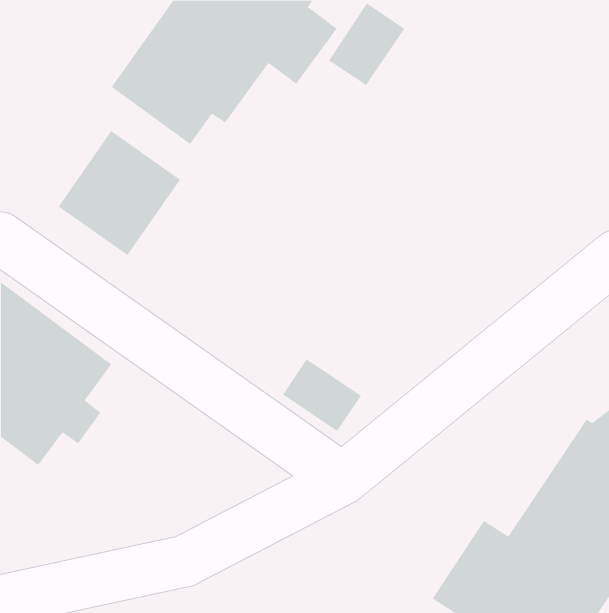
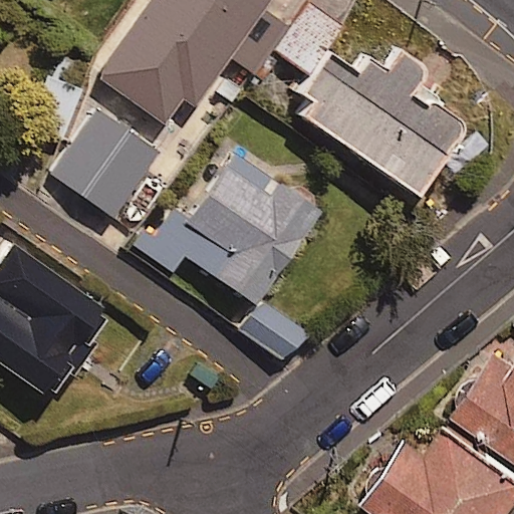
building: none -> [296,49,463,193]
building: none -> [146,152,319,303]

